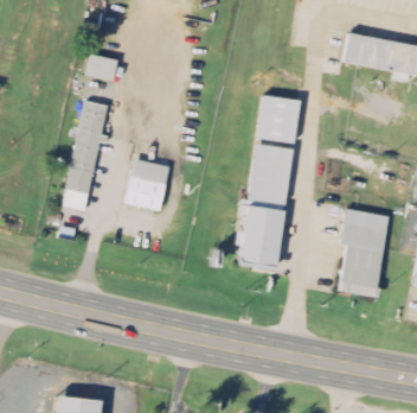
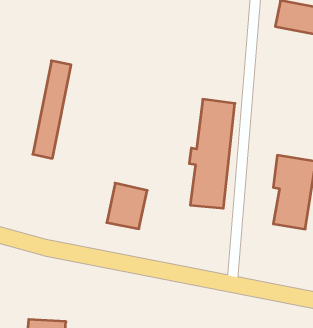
building: [83,52,117,81] -> none
building: [259,96,300,144] -> none
building: [122,158,168,210] -> [107,183,147,229]

